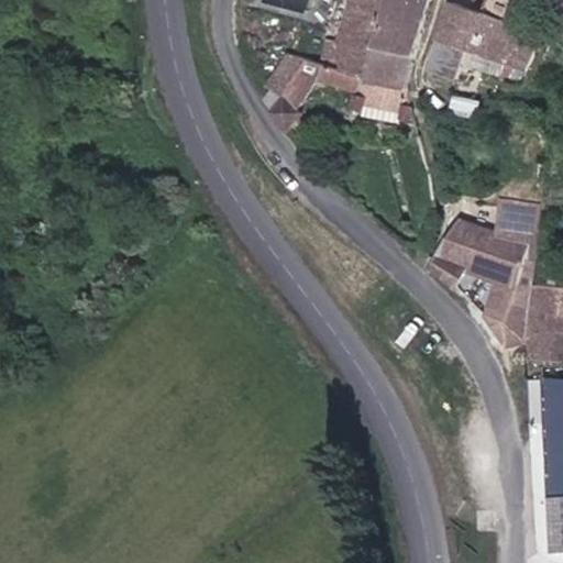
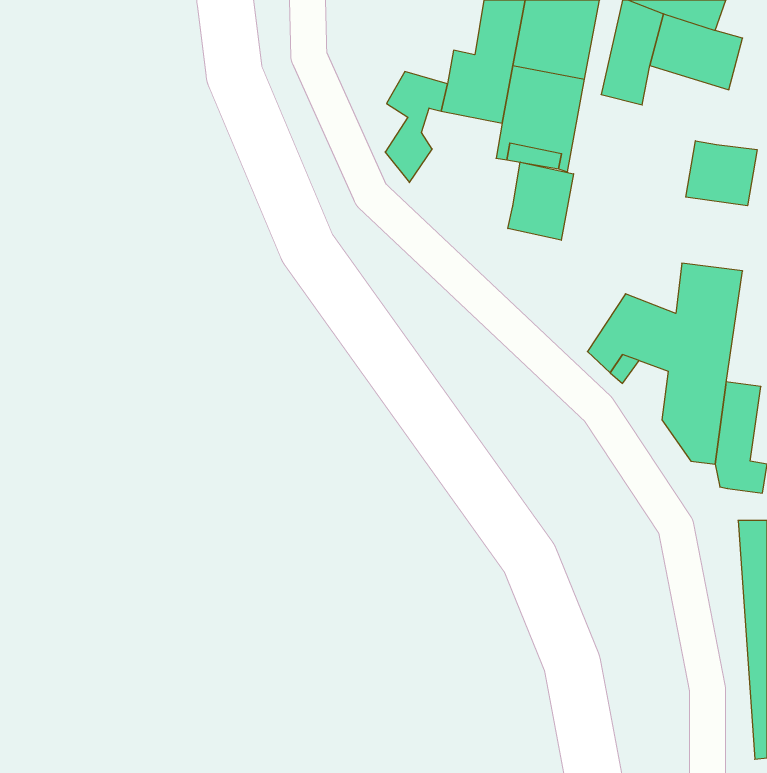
building: none -> [686,141,757,206]
building: none -> [508,162,574,240]

